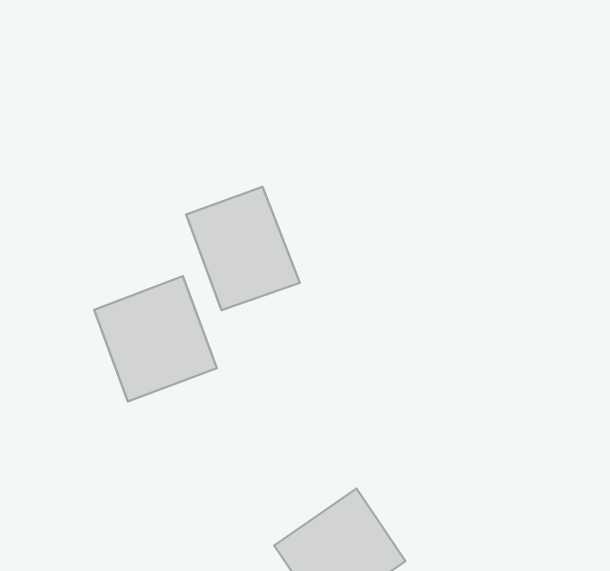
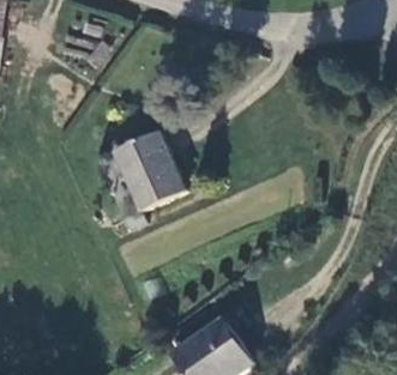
building: [94,276,217,402] -> none

